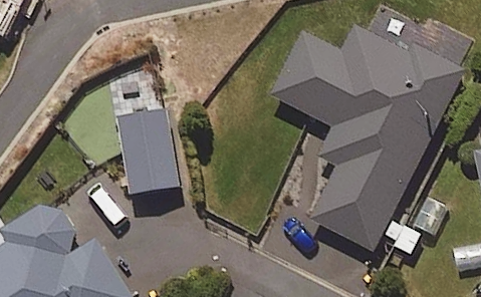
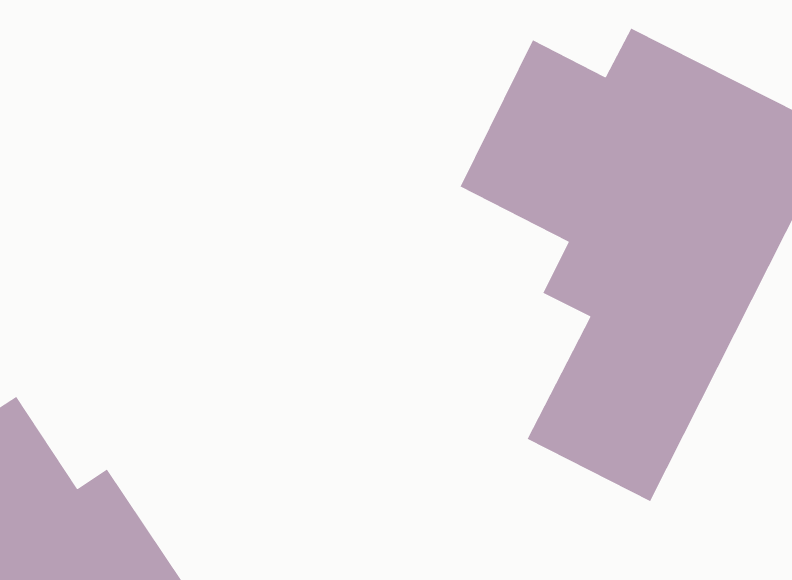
building: [118,112,178,194] -> none

